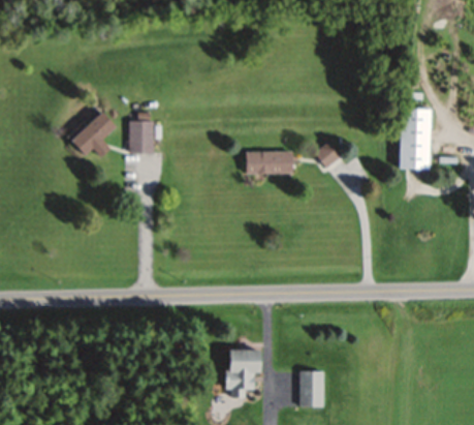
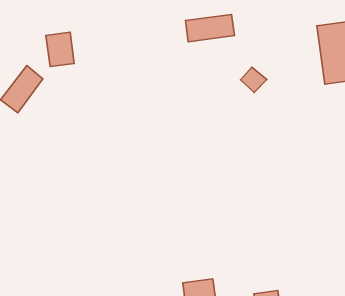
building: [129,121,154,153] -> [46,32,74,67]
building: [246,152,293,174] -> [185,14,234,42]

